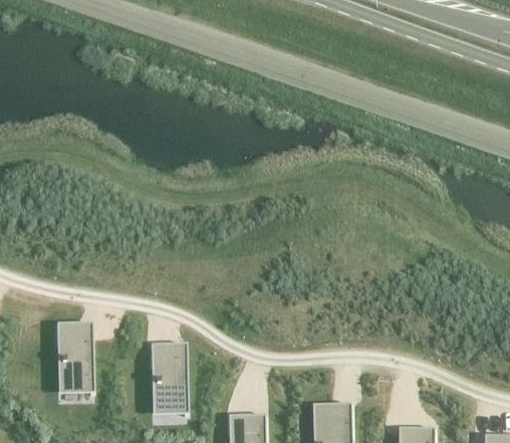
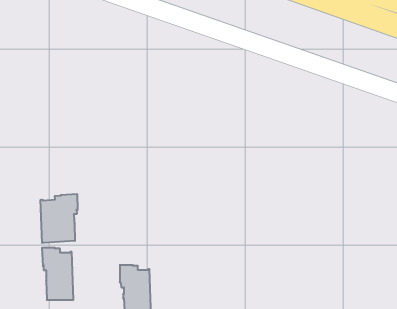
building: none -> [41,194,77,243]

